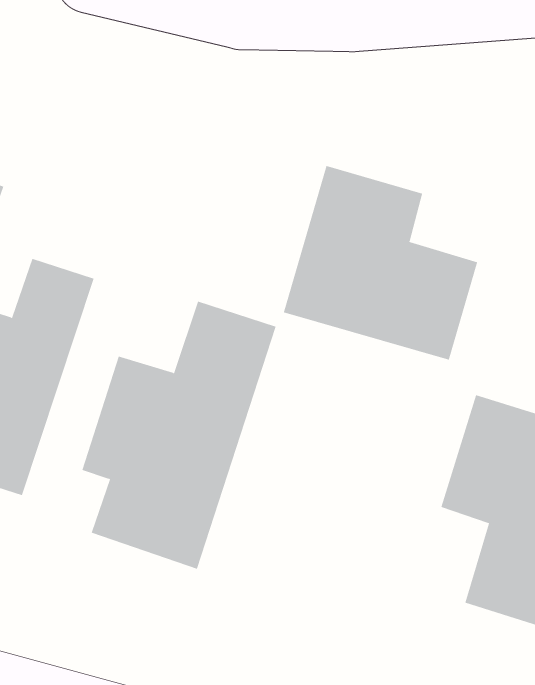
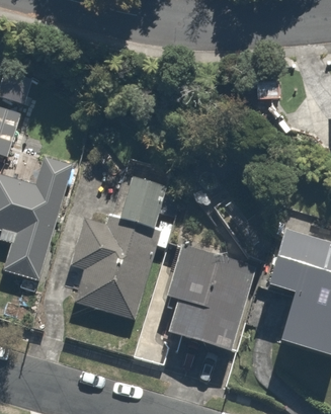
building: [283,165,478,361] -> none
building: none -> [162,242,248,353]

